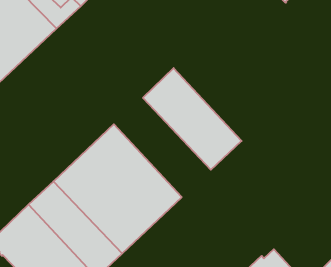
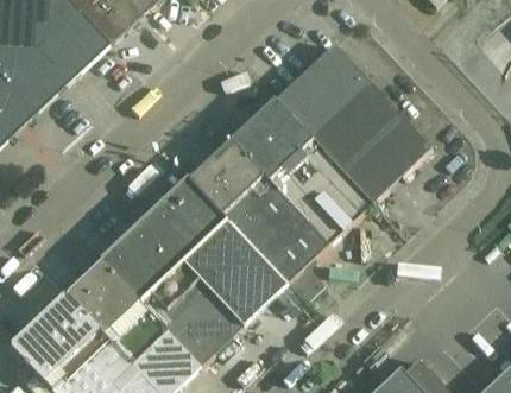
building: none -> [275,44,431,203]
building: none -> [189,141,328,284]

